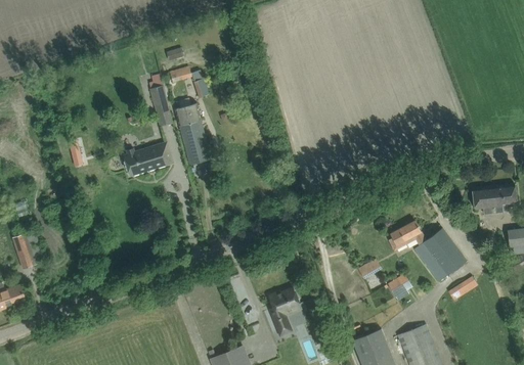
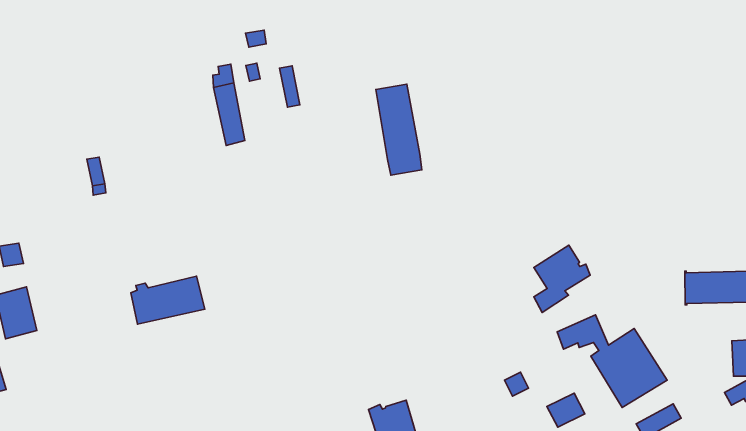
building: [175,103,210,165] -> [376,84,422,175]
building: [123,141,173,176] -> [131,276,205,324]
building: none -> [534,245,590,312]

